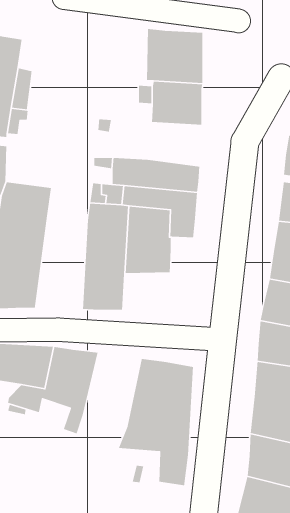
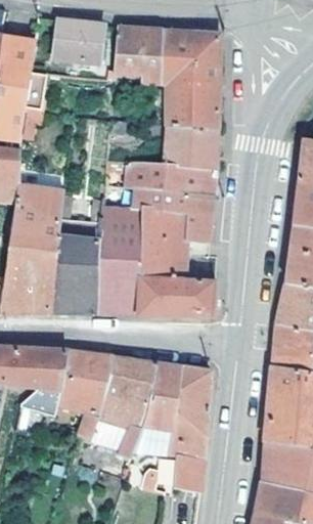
building: none -> [51,20,103,62]
building: none -> [111,27,161,83]
building: none -> [162,125,216,169]
building: none -> [48,219,100,313]
building: none -> [136,276,214,316]
building: none -> [90,356,154,458]

